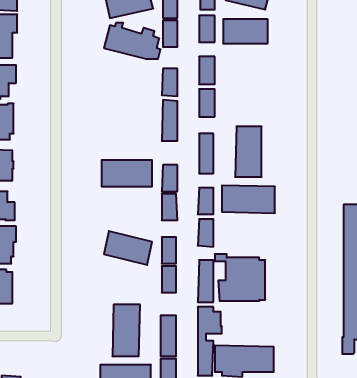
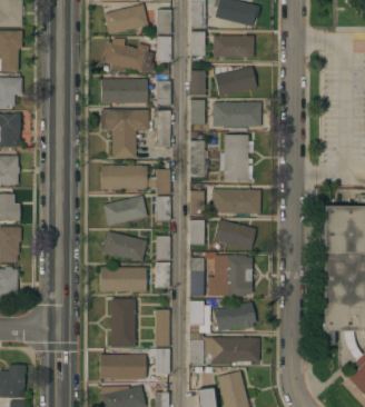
building: none -> [215,67,256,97]
building: none -> [101,79,147,103]
building: none -> [213,102,260,127]
building: none -> [100,110,149,159]
building: none -> [102,196,147,226]
building: none -> [214,219,256,250]
building: none -> [100,267,146,291]
building: none -> [214,301,257,331]

